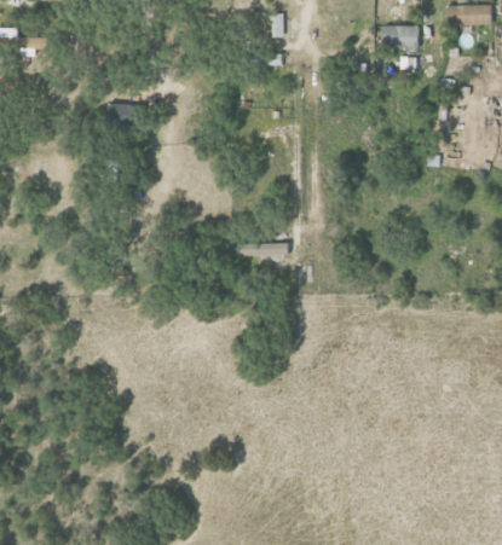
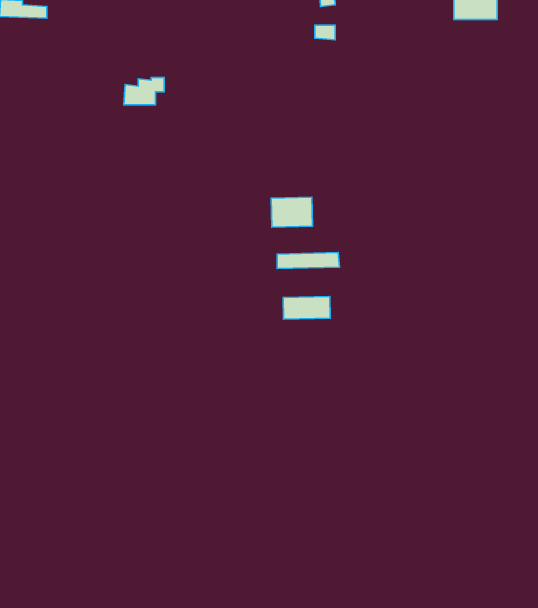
building: none -> [271,197,313,227]
building: none -> [283,297,330,319]

